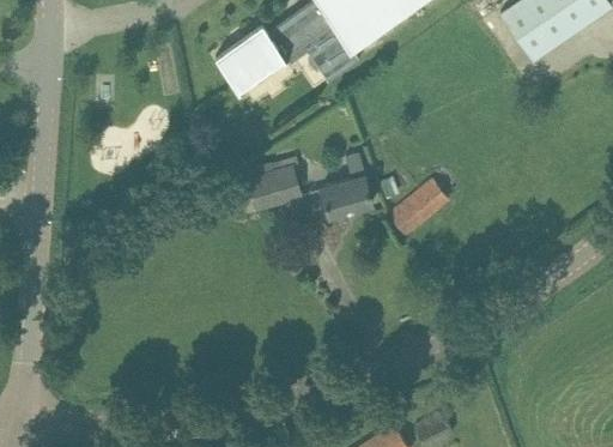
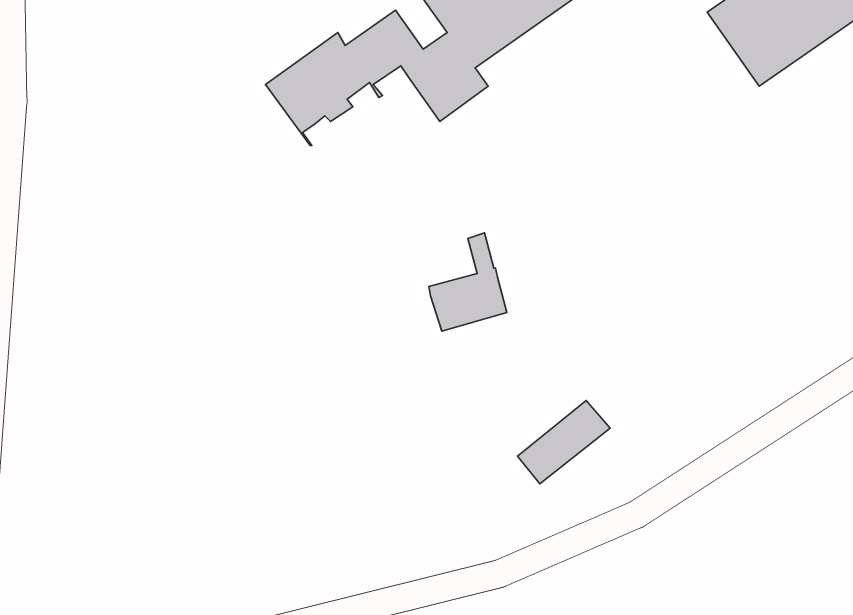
building: [248,167,303,213] -> none
building: [388,182,448,236] -> [517,401,610,484]

